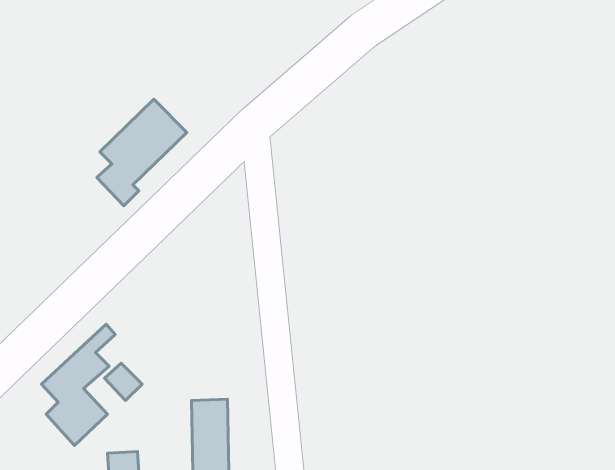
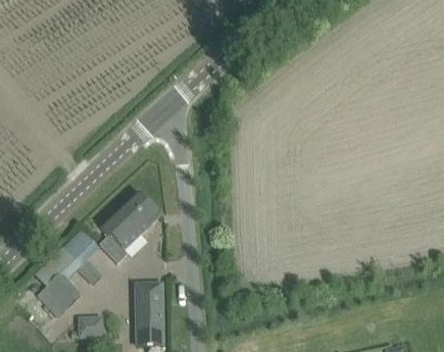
building: [97,99,187,206] -> [99,191,160,263]

